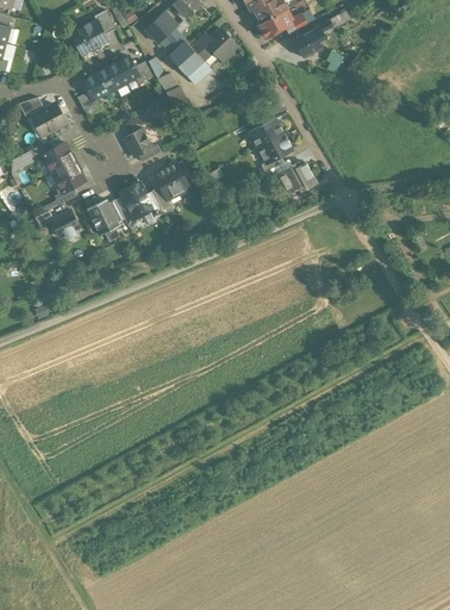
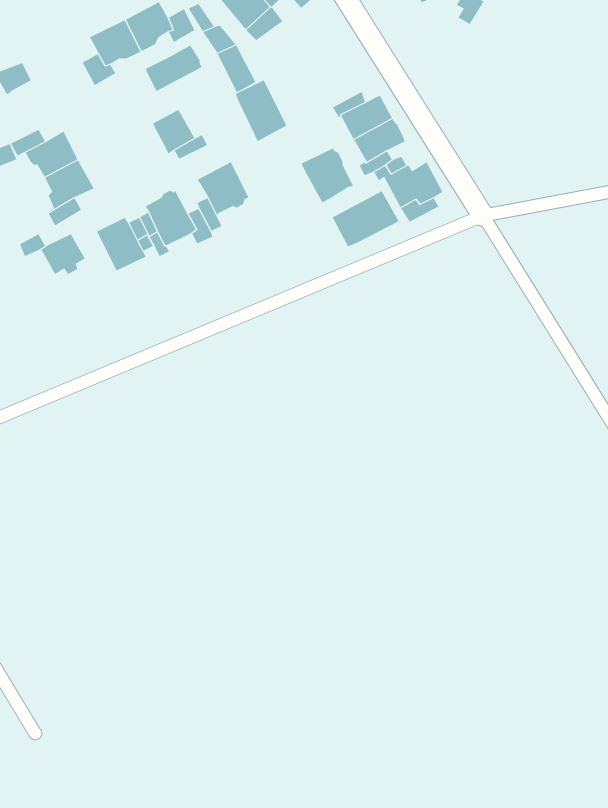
building: none -> [144,45,202,92]
building: [31,104,65,136] -> none
building: none -> [235,79,287,142]
building: none -> [301,147,354,203]
building: none -> [332,191,399,247]

